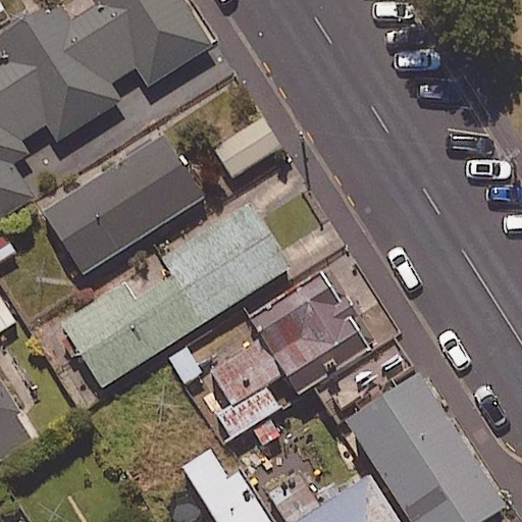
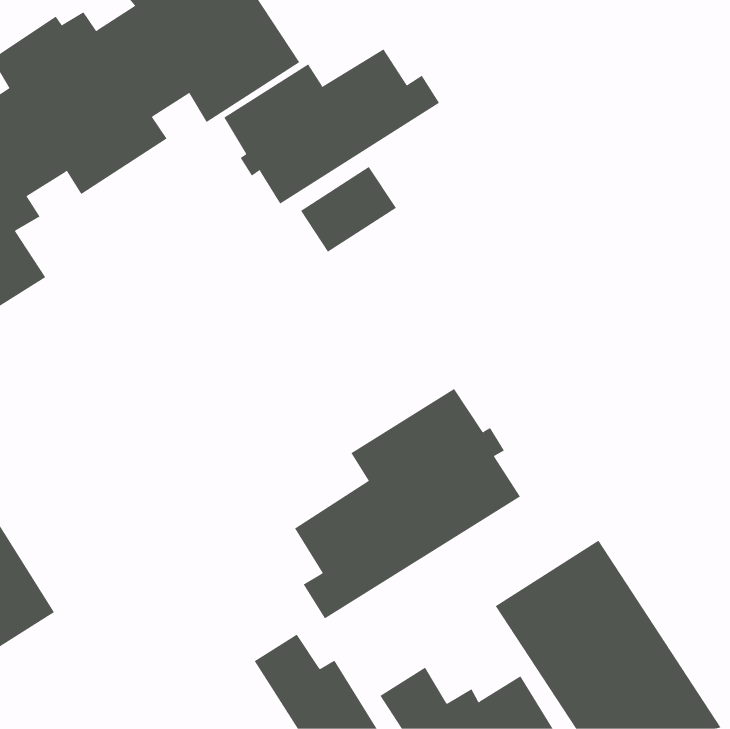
building: none -> [224,48,440,205]
building: [41,136,202,276] -> none
building: [60,205,290,386] -> none

